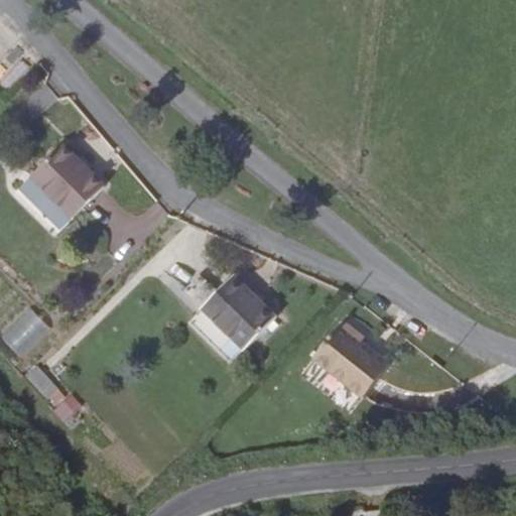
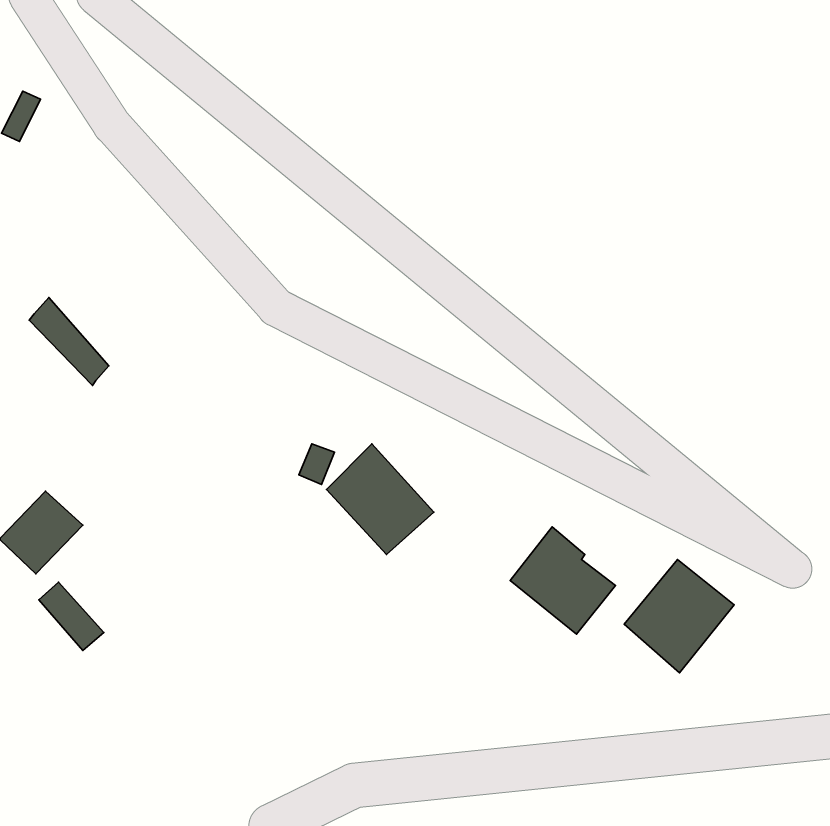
building: [30,159,98,227] -> none
building: none -> [624,560,734,673]

